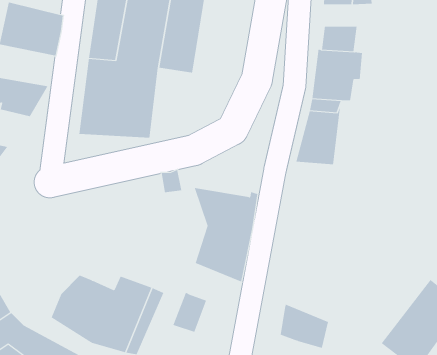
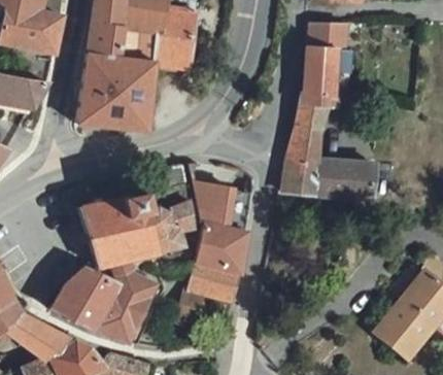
building: none -> [281,157,379,198]
building: none -> [79,190,193,267]
building: [280,304,329,349] -> [186,254,234,298]

